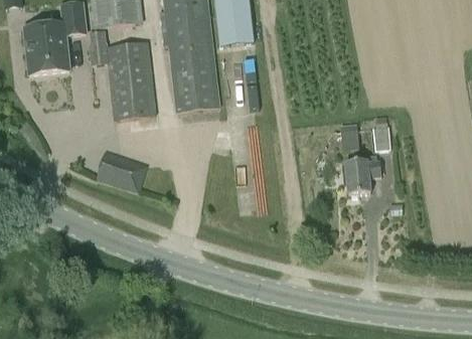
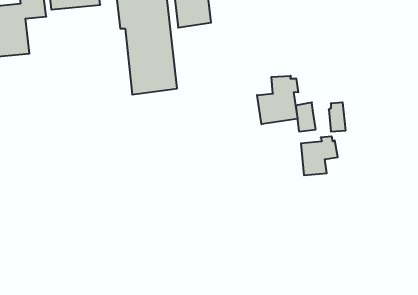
building: [89,29,156,120] -> none
building: none -> [257,76,298,124]
building: [96,149,148,192] -> none

